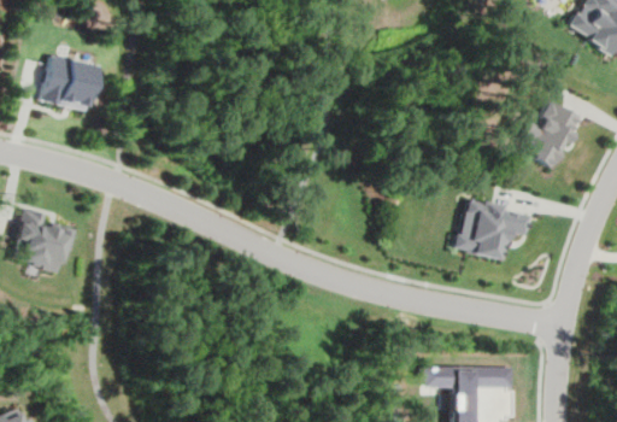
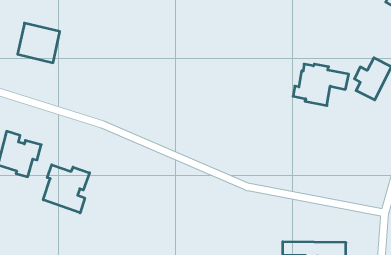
building: [449,201,529,260] -> [293,64,349,106]
building: none -> [43,165,90,213]

